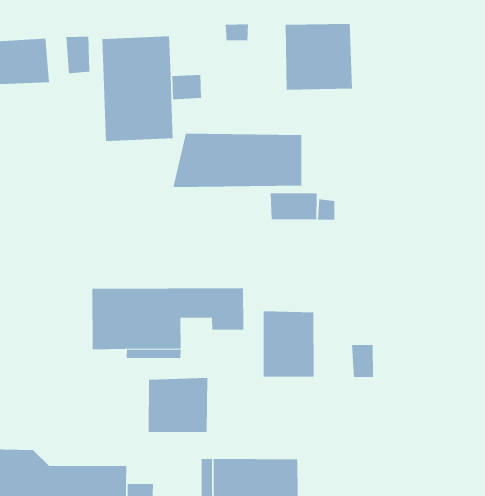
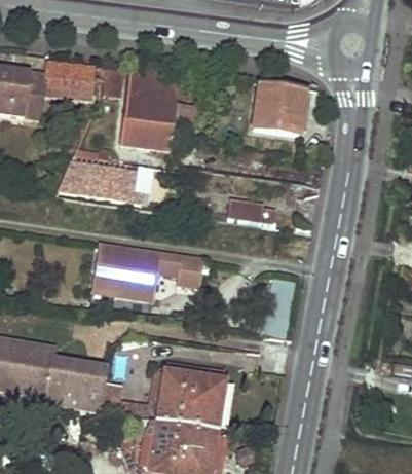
building: [173,133,302,187] -> [59,155,153,204]
building: [263,311,314,377] -> none
building: [148,377,208,433] -> none

